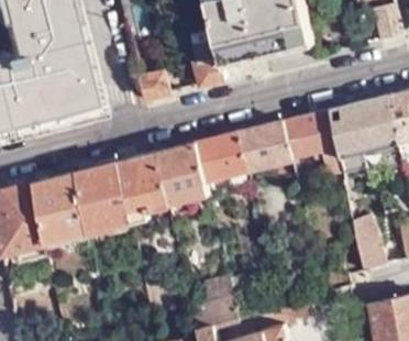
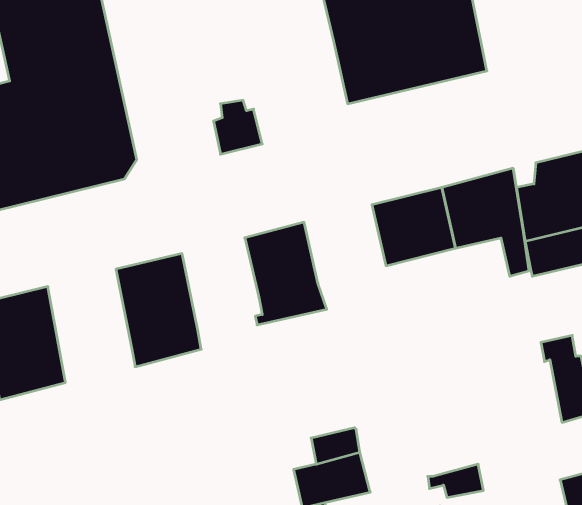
building: [192,29,226,87] -> none
building: [197,132,248,182] -> none
building: [120,153,170,223] -> none
building: [35,173,90,244] -> none

